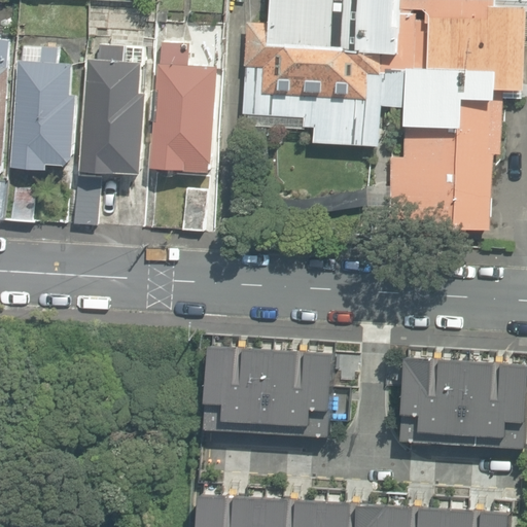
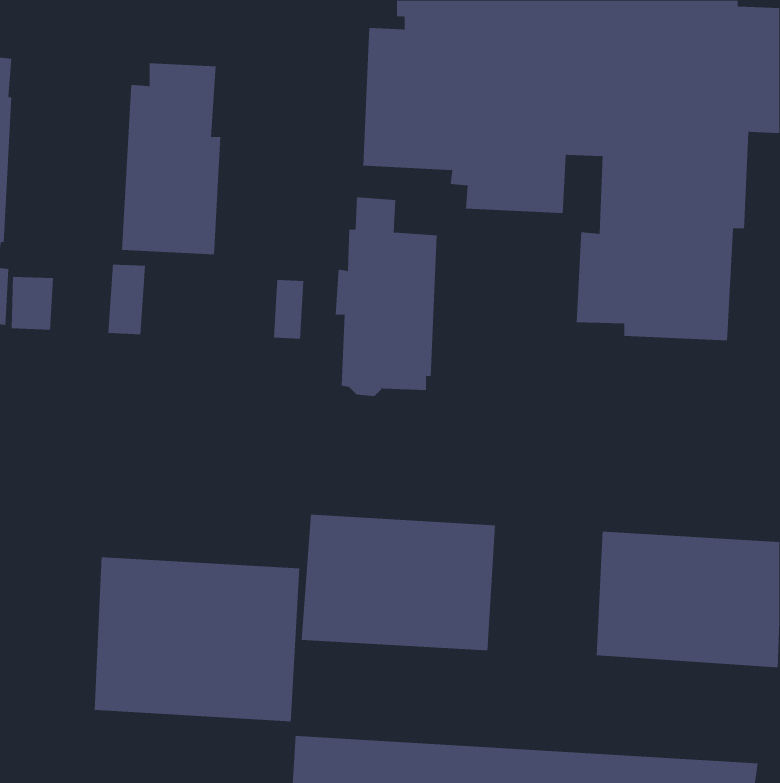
building: [149,41,218,175] -> [335,197,438,396]
building: [8,46,75,169] -> none
building: none -> [94,556,300,722]

